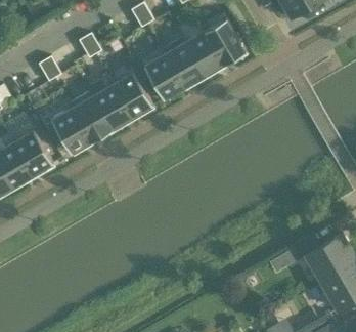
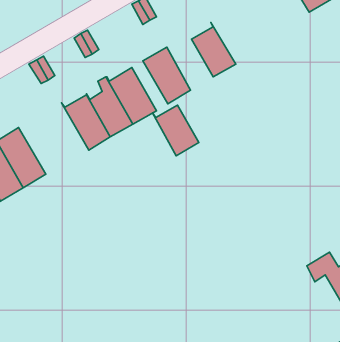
building: [204,15,247,66] -> none
building: [164,43,206,89] -> [153,105,199,156]
building: [52,100,93,155] -> none

